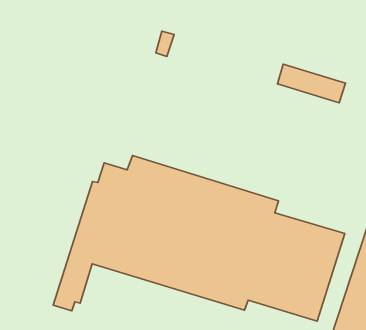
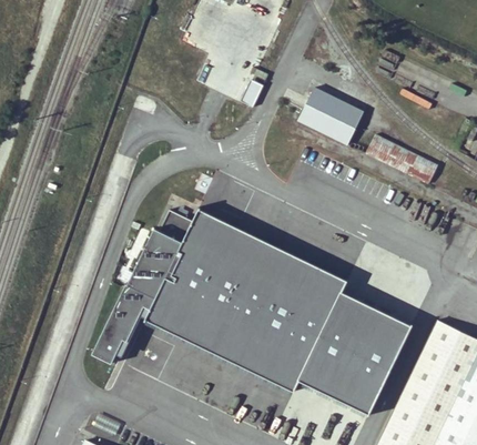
building: none -> [298,88,365,146]

